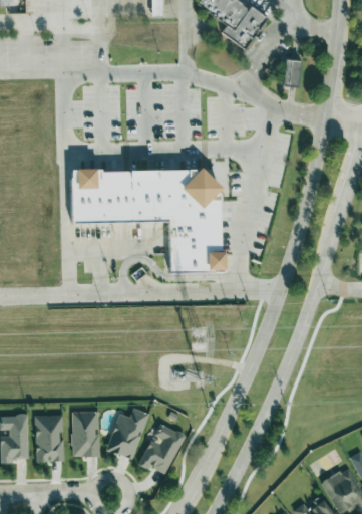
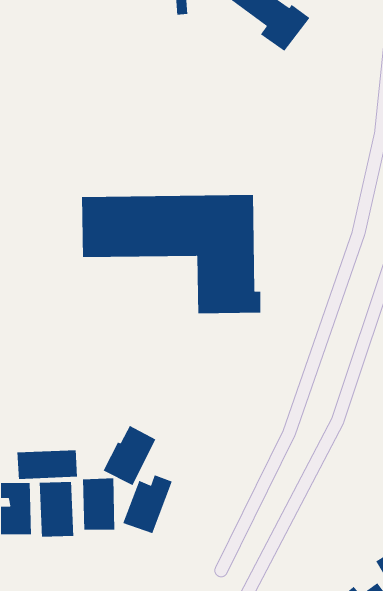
building: [282,57,300,85] -> none
building: none -> [17,449,78,480]
building: [138,422,185,474] -> [102,425,156,486]

